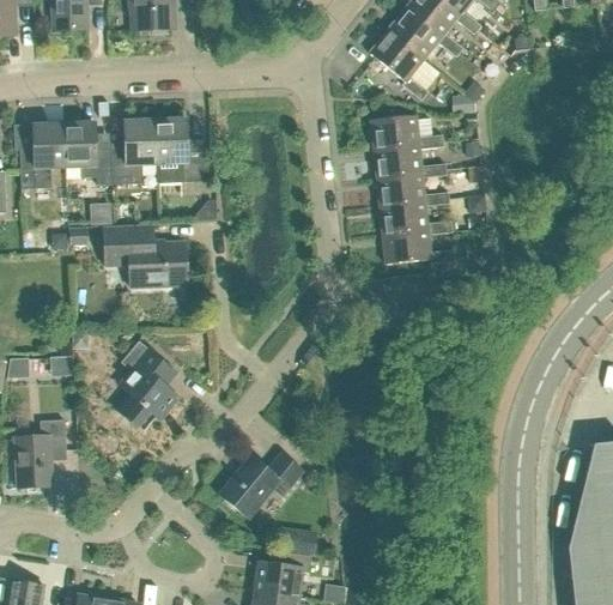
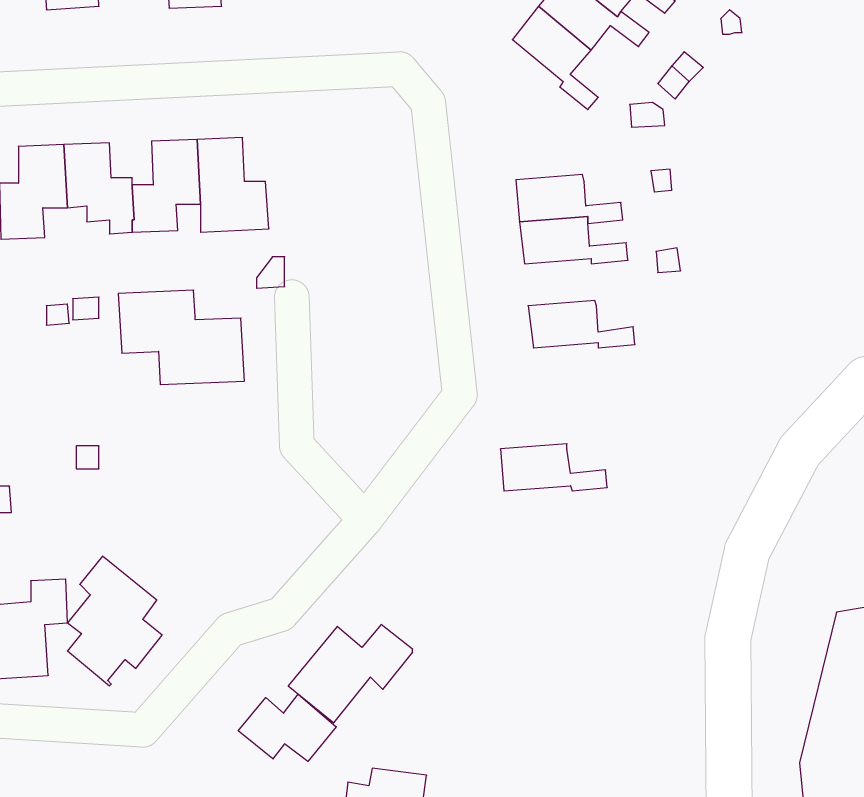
building: [371,115,444,149] -> none
building: [380,201,453,234] -> [500,444,607,491]
building: [116,343,181,431] -> [67,556,162,686]
building: none -> [238,694,336,761]

